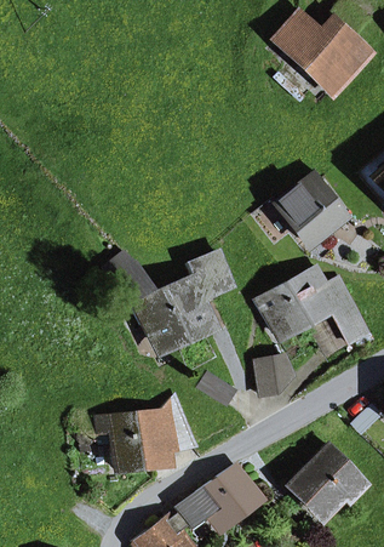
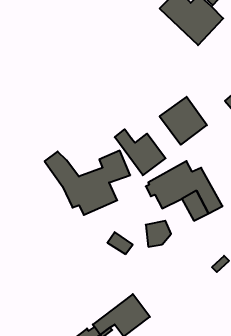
building: none -> [115,129,166,175]
building: [97,395,195,469] -> none
building: [288,445,368,515] -> none

